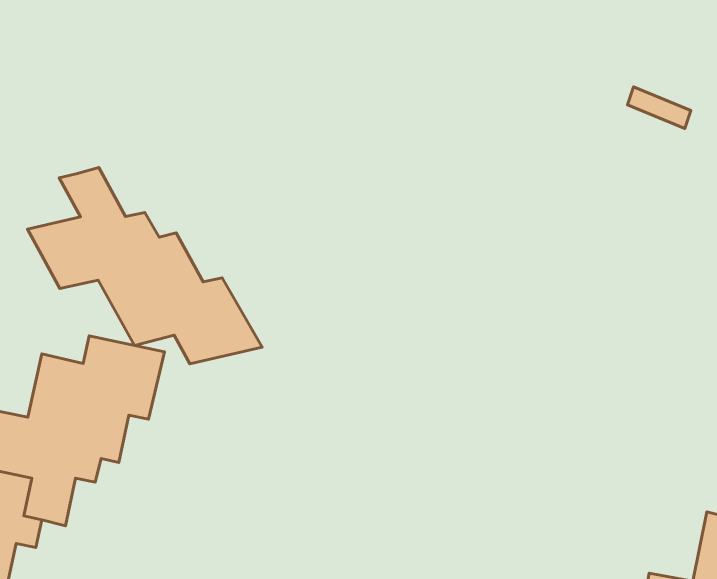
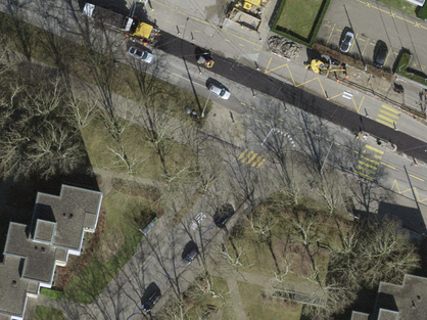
building: [27,168,262,364] -> none

